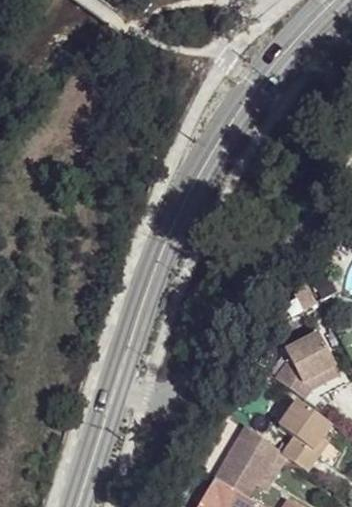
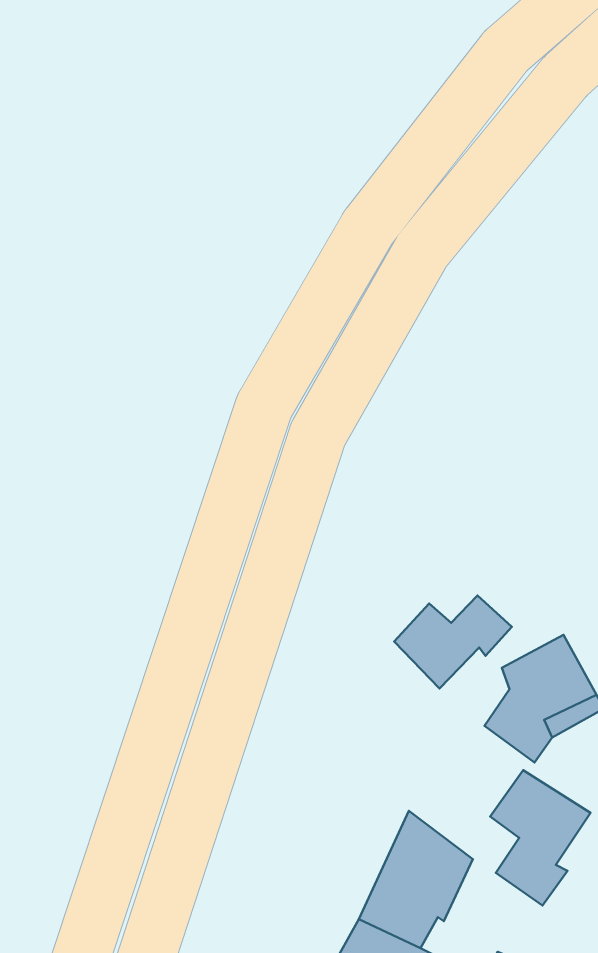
building: none -> [394,595,512,689]

